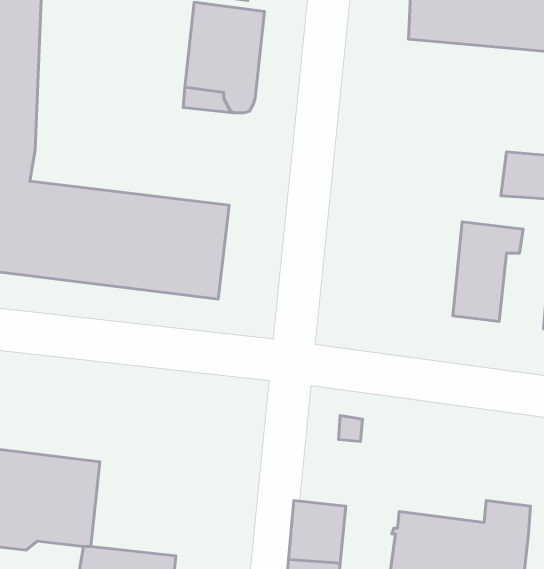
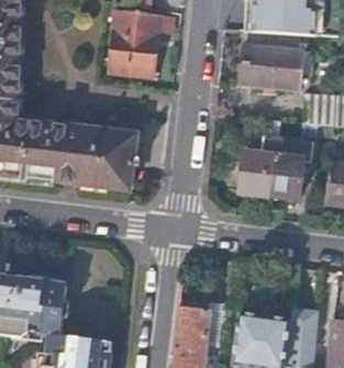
building: none -> [238,45,301,90]
building: none -> [240,137,277,196]

